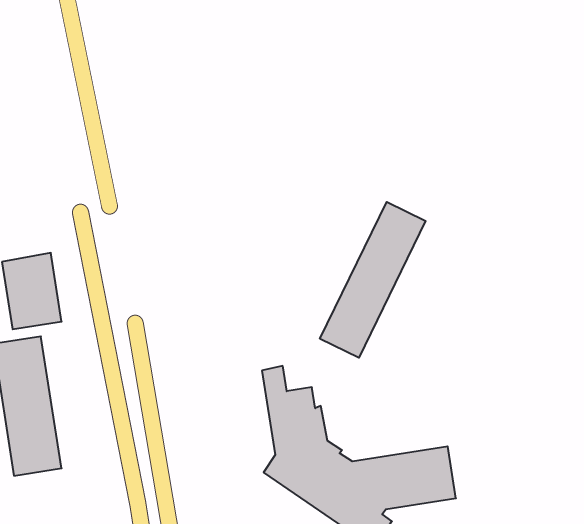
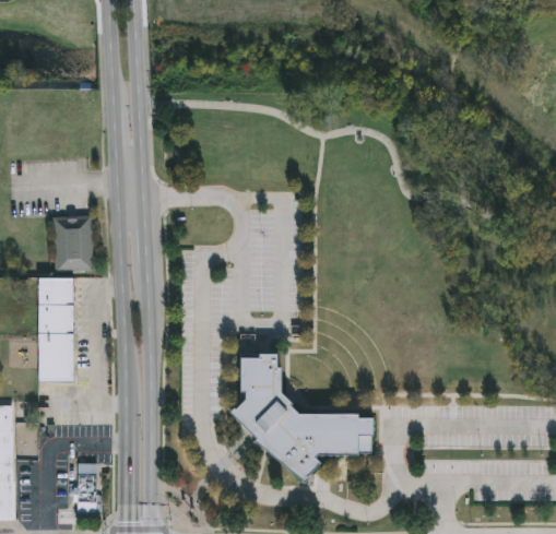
building: [320,202,426,358] -> none

